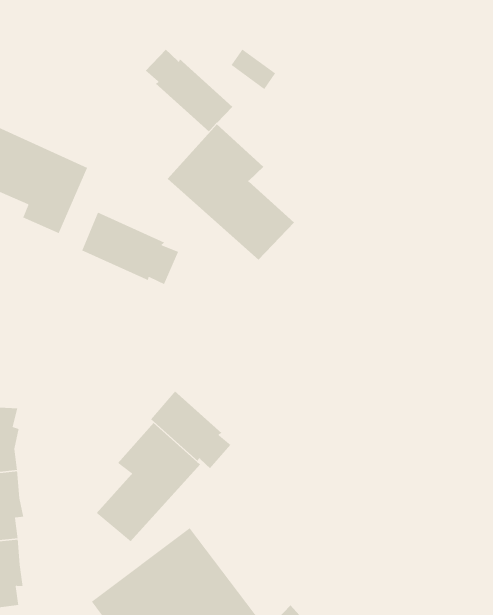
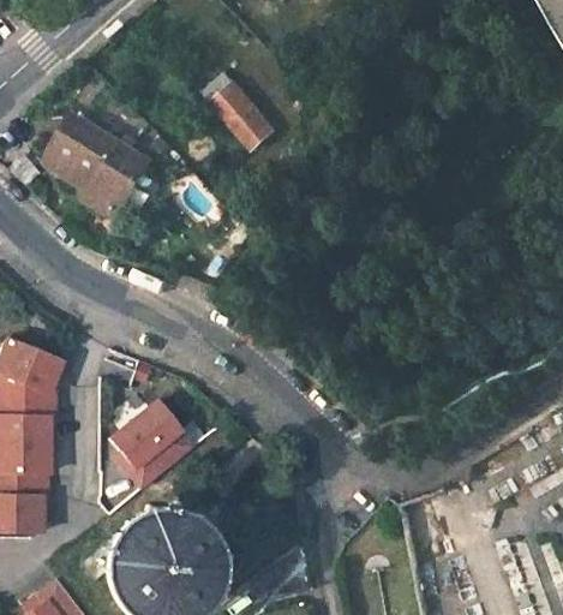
building: [167,124,295,260] -> none
building: [81,212,179,285] -> none
building: [150,391,232,469] -> none

